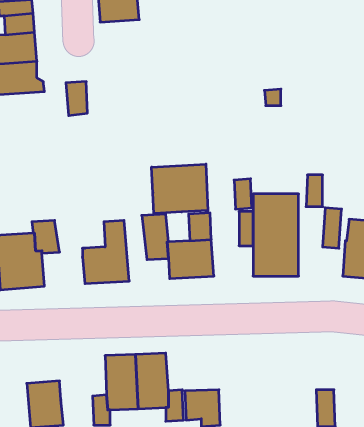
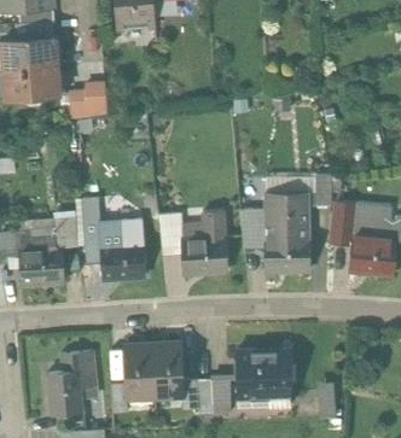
building: [152,164,208,214] -> none
building: none -> [81,212,103,253]
building: none -> [62,343,95,389]
building: none -> [237,350,290,402]

